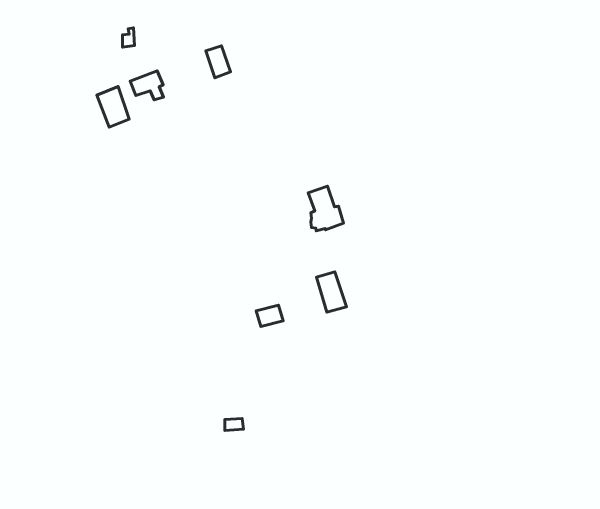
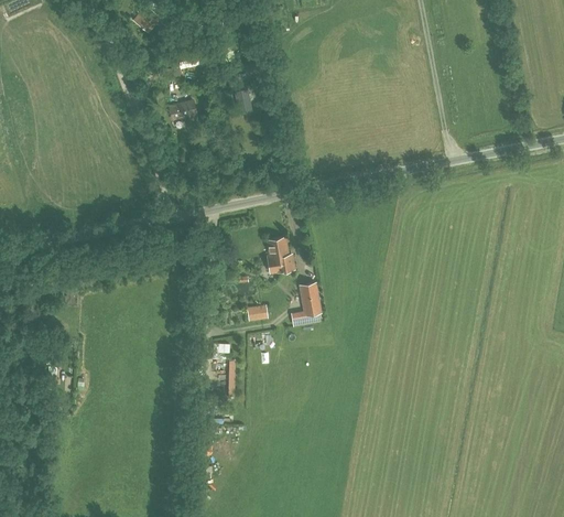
building: [97,87,129,127] -> none
building: [308,186,344,231] -> [267,237,293,272]

